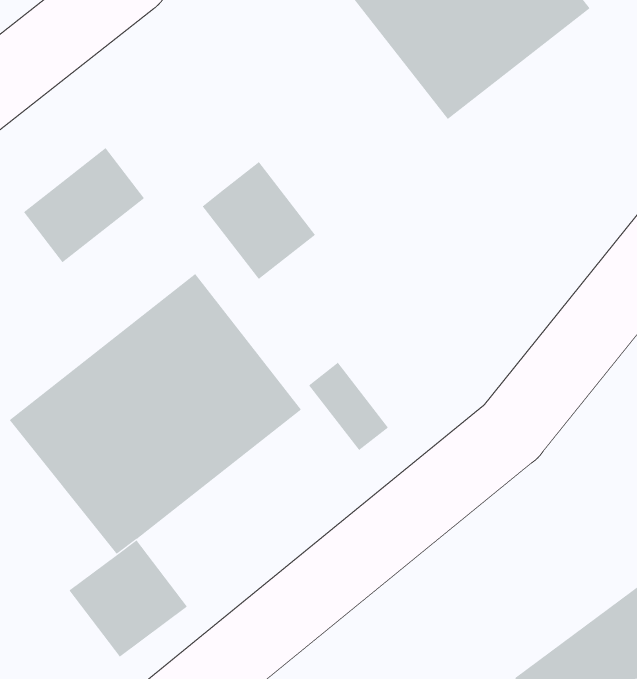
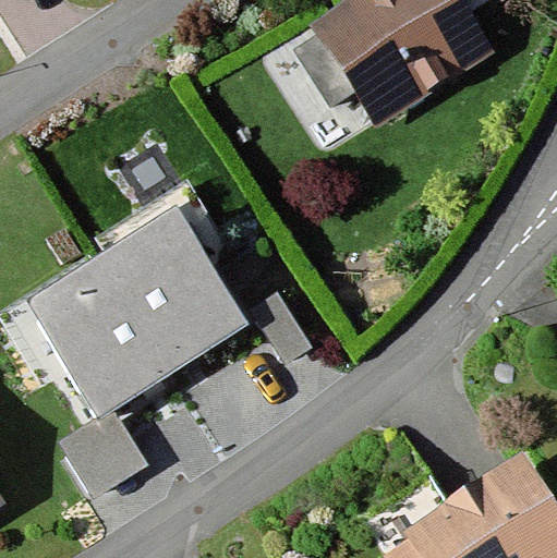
building: [23,147,145,263] -> none
building: [202,161,316,280] -> none

